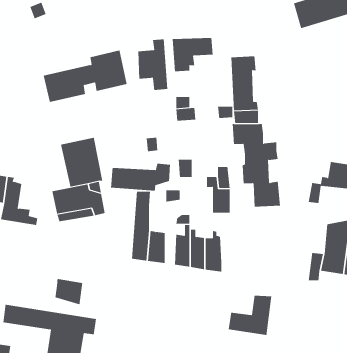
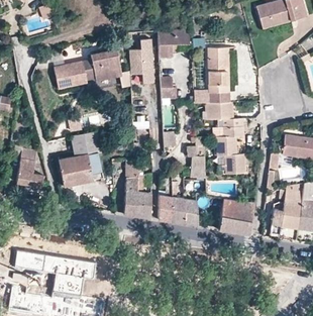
building: [110,163,171,191] -> none
building: [55,278,83,305] -> none
building: [228,295,272,336] -> [219,201,255,234]

